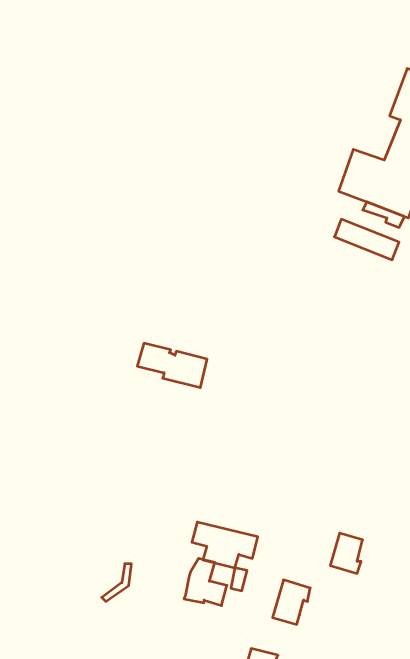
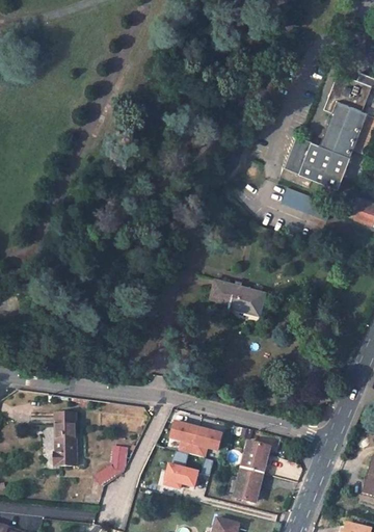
building: [137,343,207,388] -> [210,278,264,313]
building: none -> [55,413,78,466]
building: [330,533,363,573] -> [242,442,267,473]

